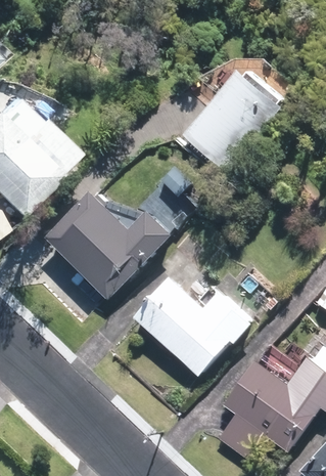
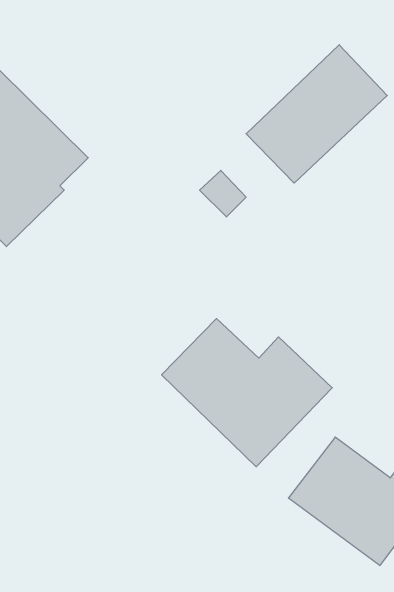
building: [51,193,181,303] -> none

